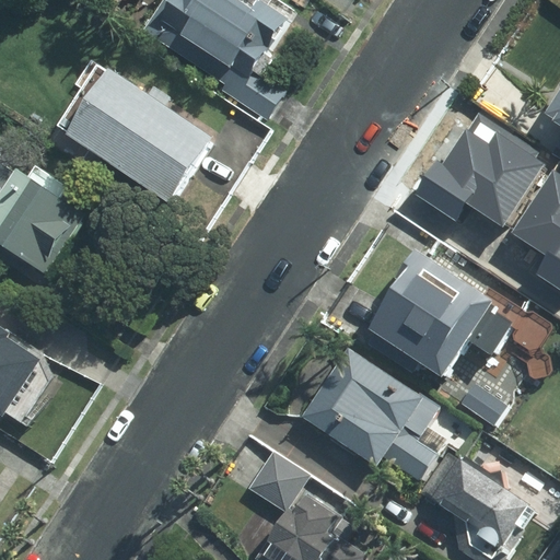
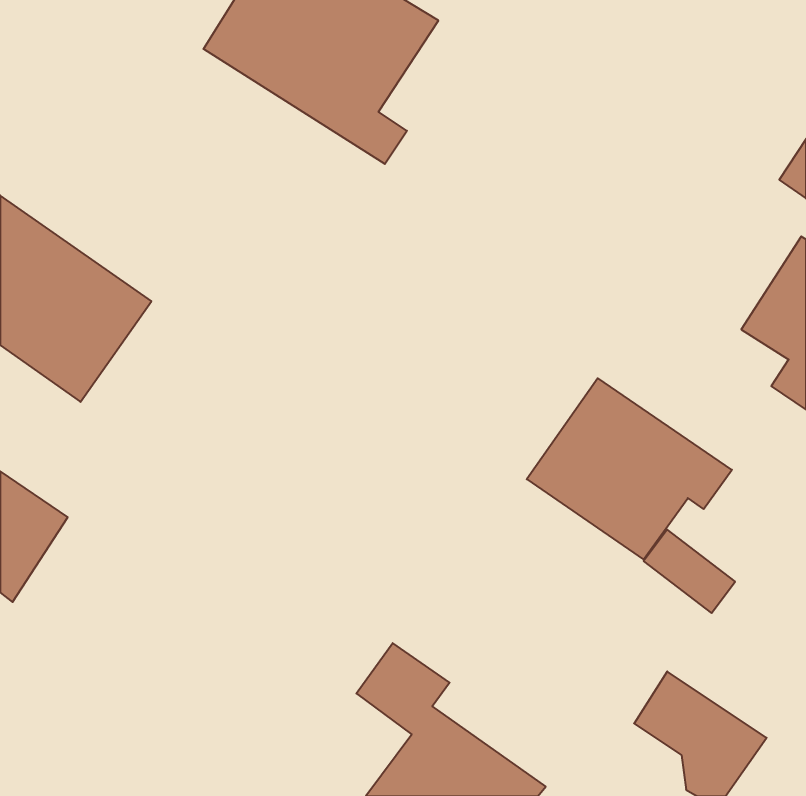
building: [59,71,209,208] -> none
building: [413,105,545,223] -> none
building: [299,342,448,486] -> none

